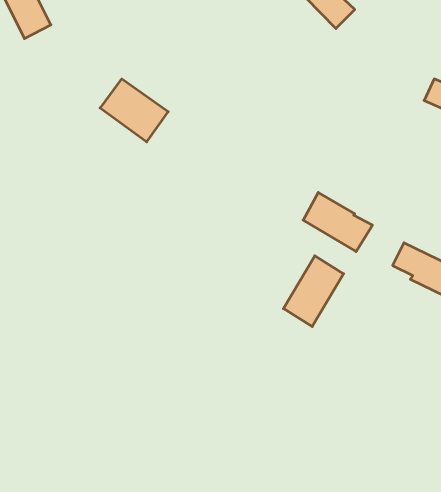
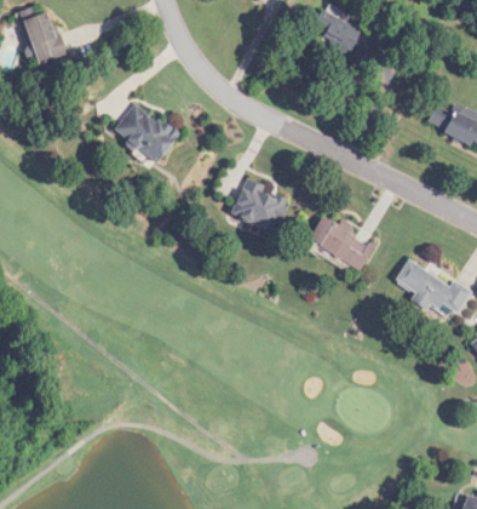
building: none -> [230,178,289,234]
building: [283,256,344,327] -> none

